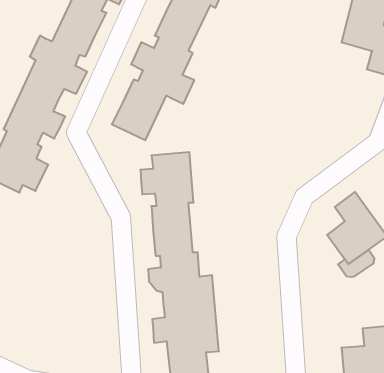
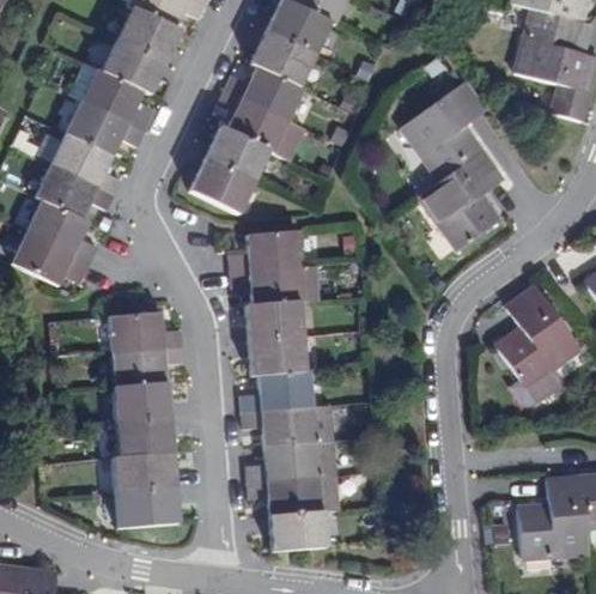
building: none -> [400,80,501,249]
building: none -> [109,310,186,528]

